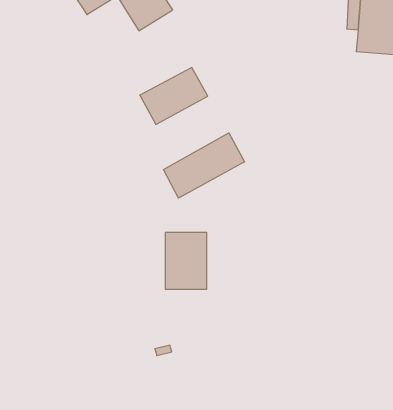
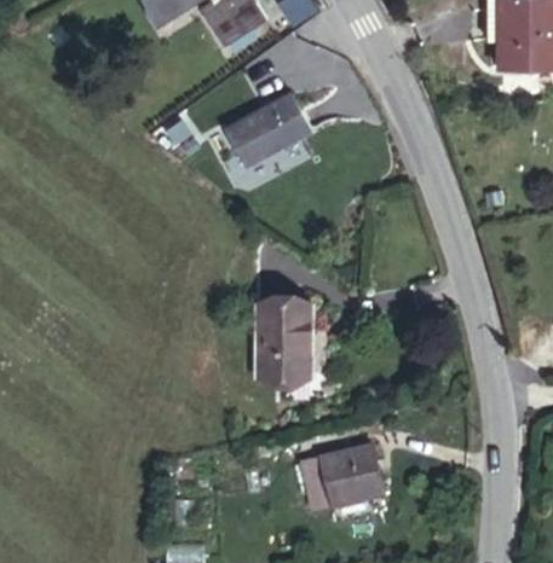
building: [164,133,245,198] -> none
building: none -> [313,434,393,504]

